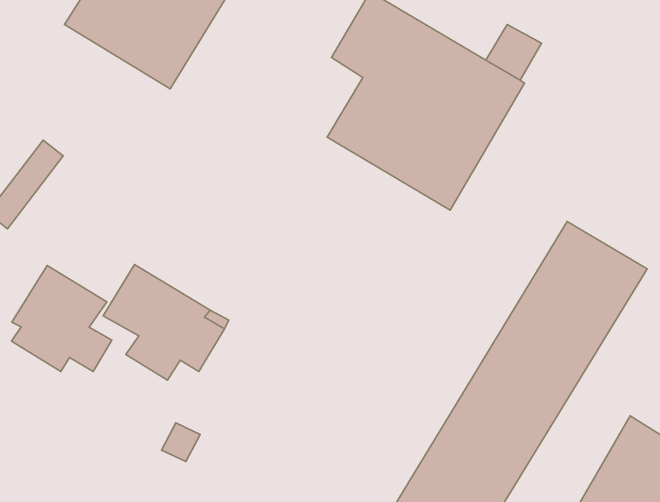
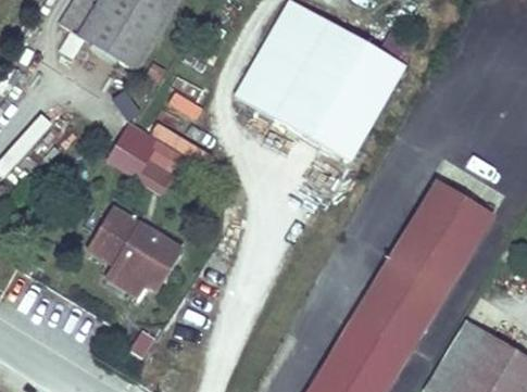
building: none -> [231,50,283,111]
building: none -> [106,119,185,192]
building: [12,265,112,372] -> none
building: none -> [436,314,482,379]

